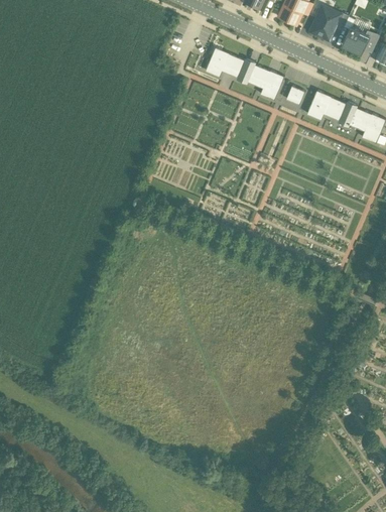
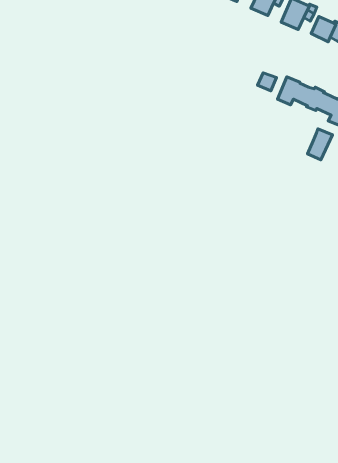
building: [204,47,283,100] -> none
building: none -> [307,129,332,160]

